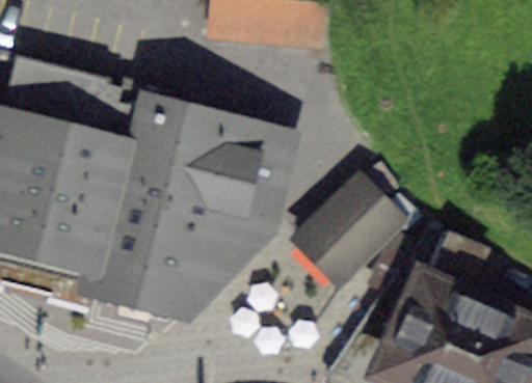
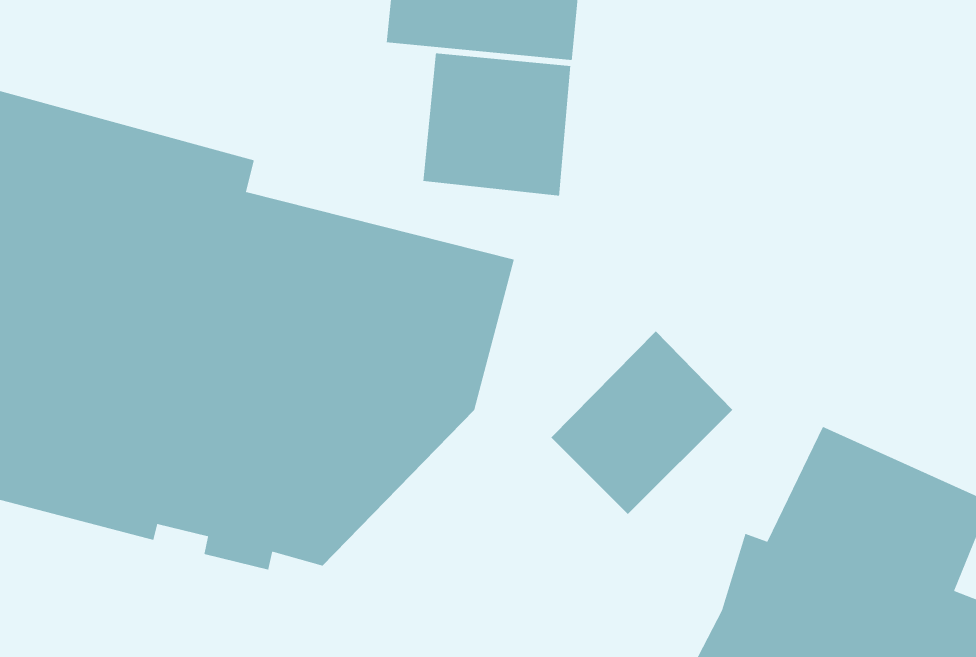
building: none -> [423,52,571,197]

